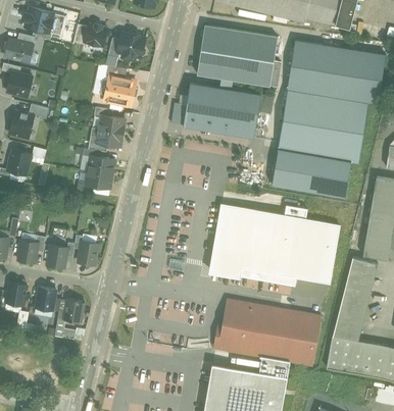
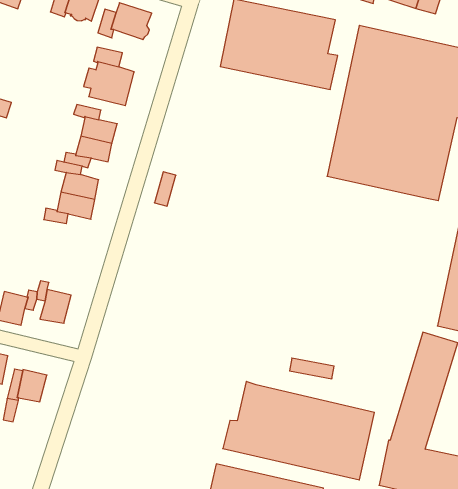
building: [183,84,274,138] -> none
building: [272,149,351,197] -> none
building: [212,202,342,282] -> none

